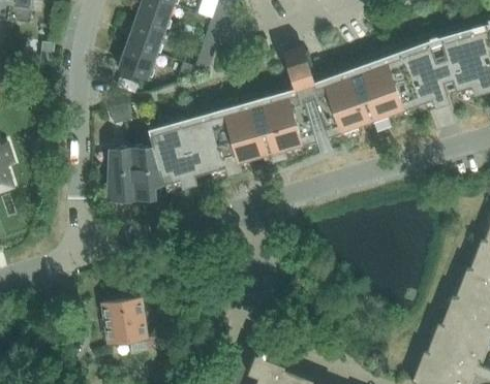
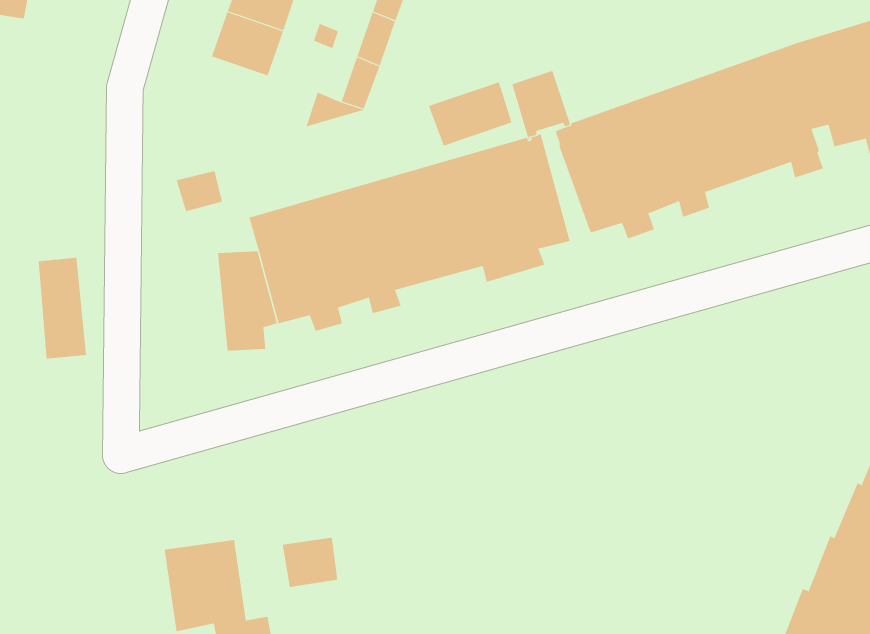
building: [119,44,157,81] -> none
building: none -> [428,82,512,146]
building: [110,148,135,201] -> [38,257,87,359]
building: none -> [282,537,338,588]

